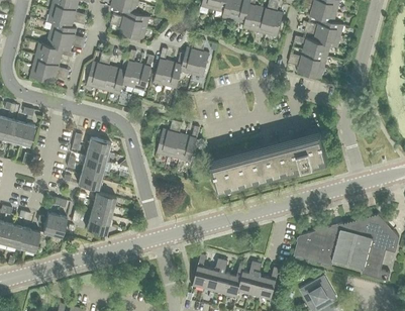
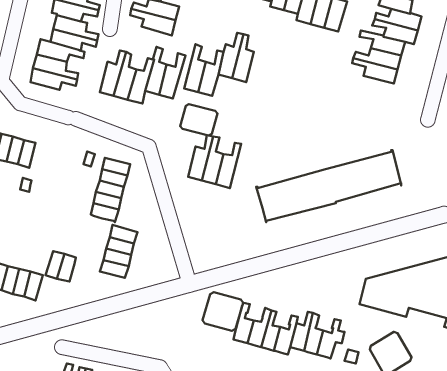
building: none -> [180,104,217,135]
building: none -> [203,292,243,331]

